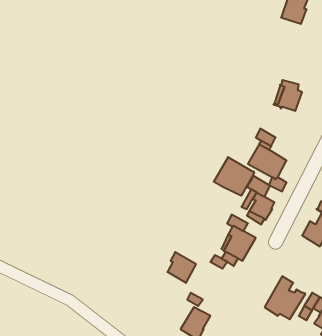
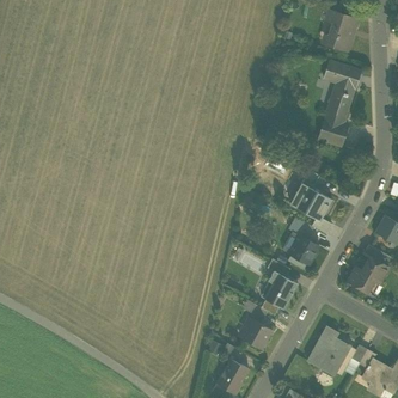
building: none -> [324,60,361,117]
building: [214,157,254,196] -> none
building: [167,252,196,283] -> [240,316,271,349]

